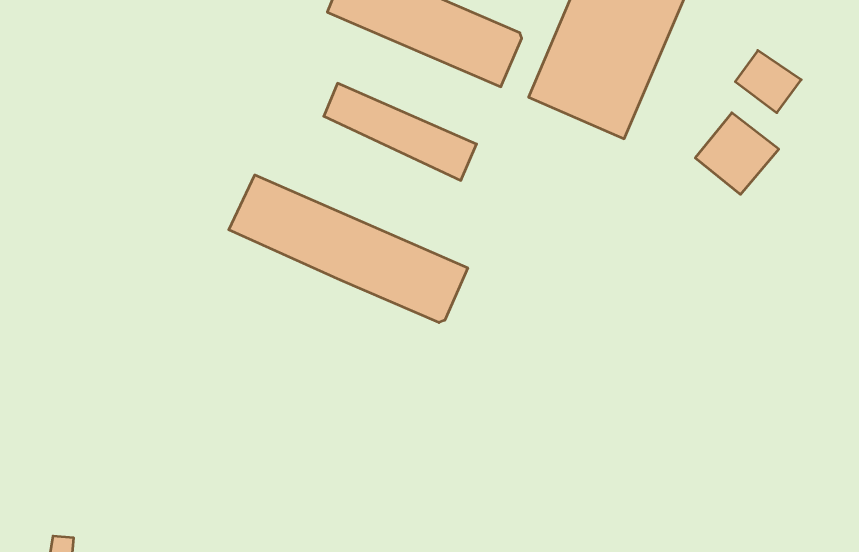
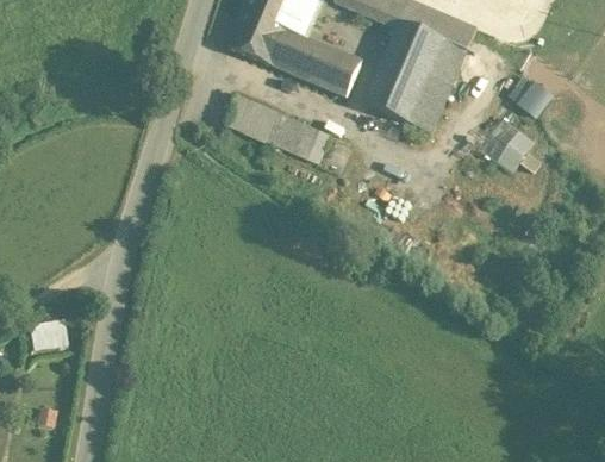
building: [229,175,468,323] -> none
building: none -> [29,319,66,348]

